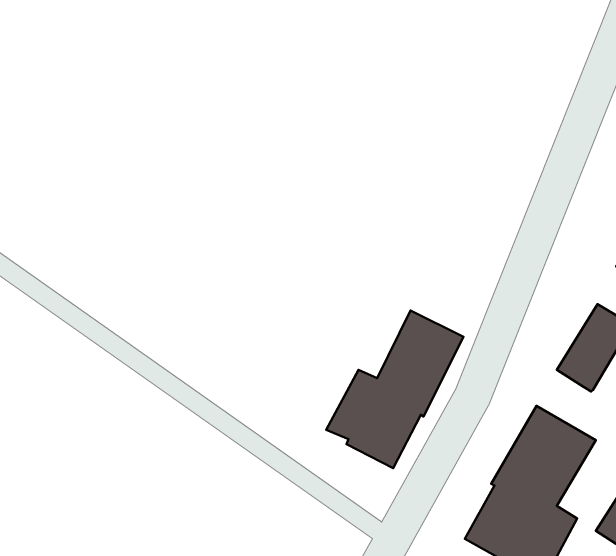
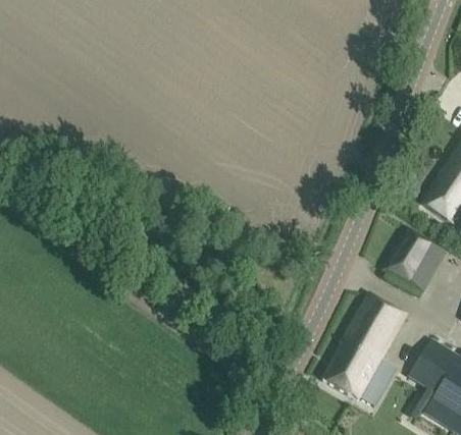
building: [326,310,464,468] -> none

